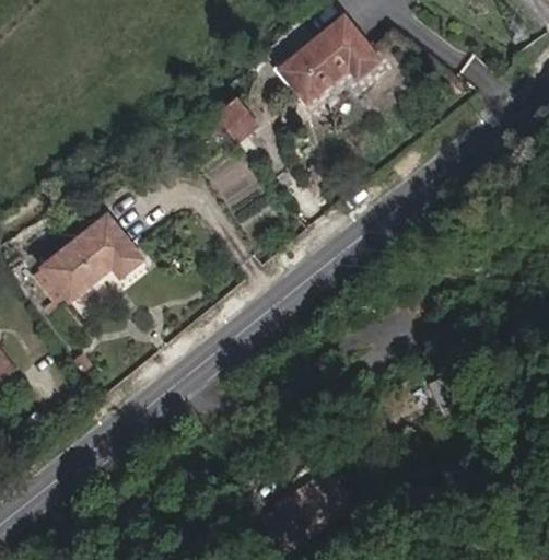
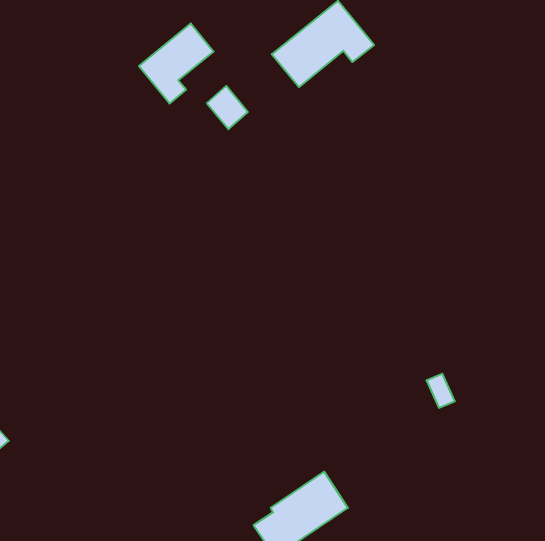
building: none -> [139,23,214,104]
building: [42,215,141,301] -> none

